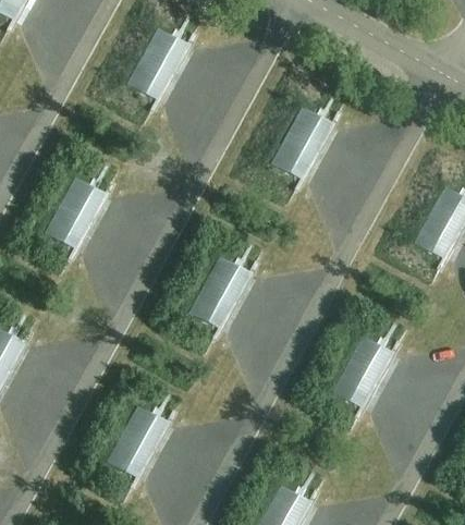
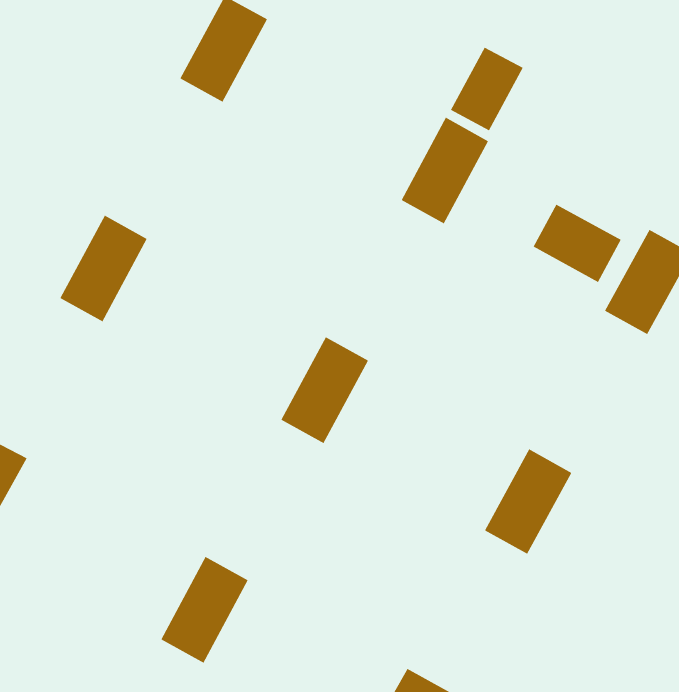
building: none -> [450,47,523,131]
building: none -> [533,204,622,283]

